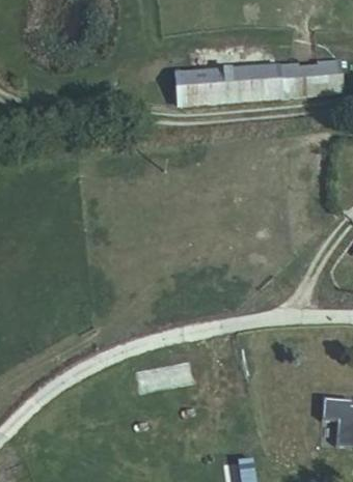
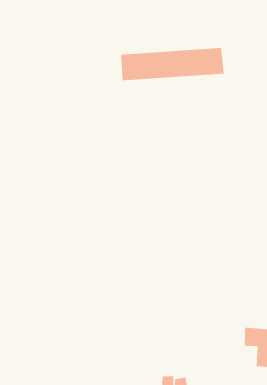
building: [295,60,340,95] -> none

